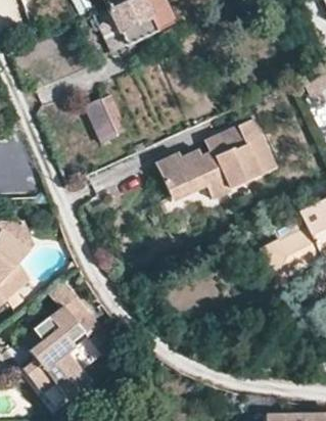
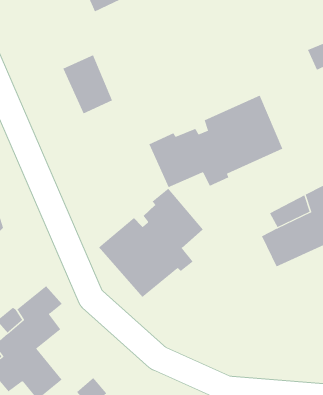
building: none -> [98,188,204,298]

